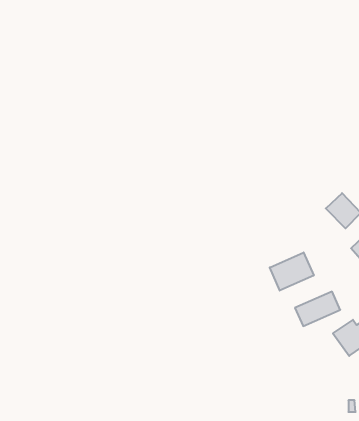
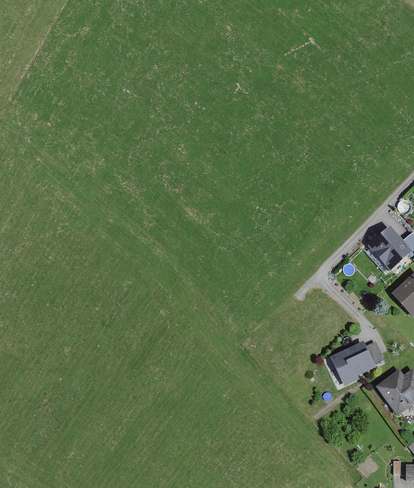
building: [270,252,314,291] -> none

